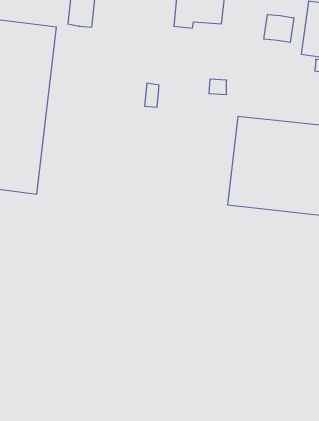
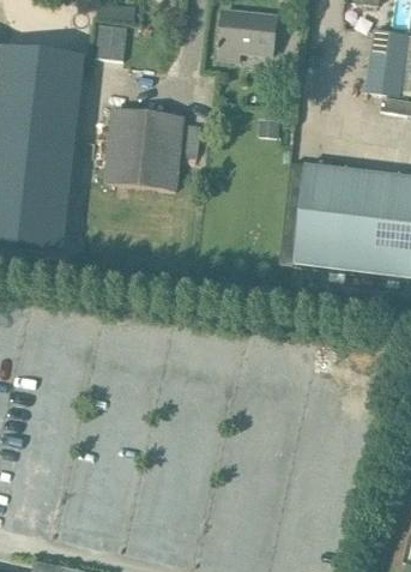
building: [264,14,294,42] -> none
building: none -> [104,109,183,189]

